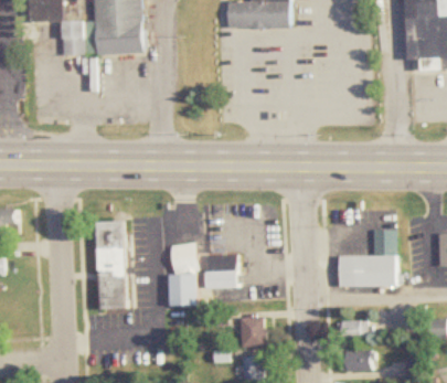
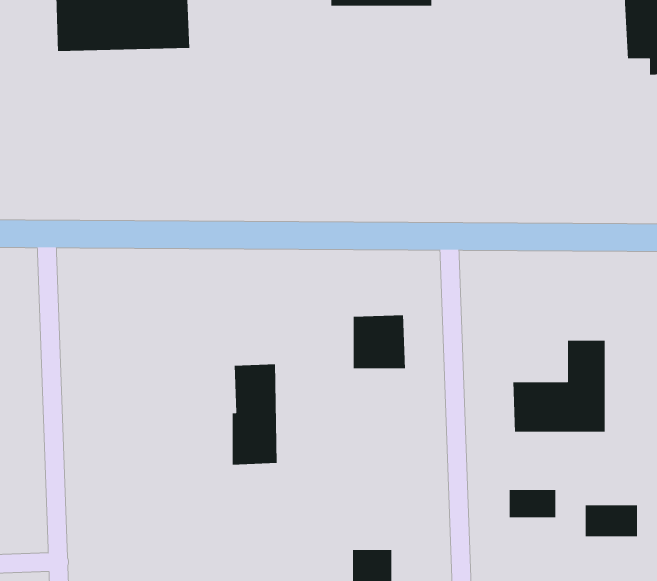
building: [96,220,126,309] -> none
building: [204,255,236,288] -> [353,314,406,369]
building: [240,317,264,347] -> none
building: [340,350,372,370] -> [585,504,638,537]

